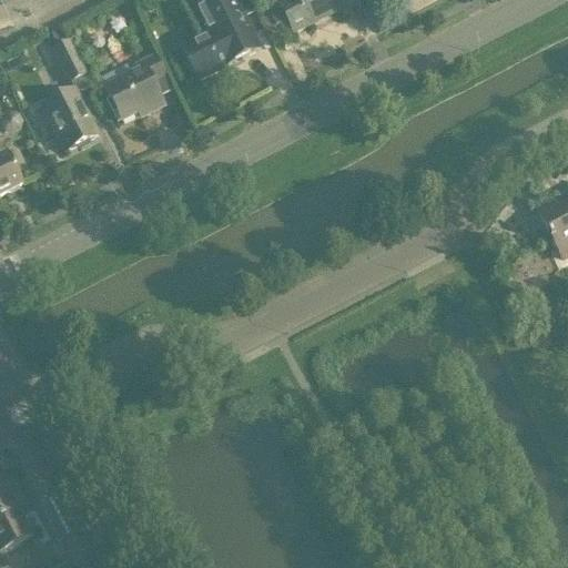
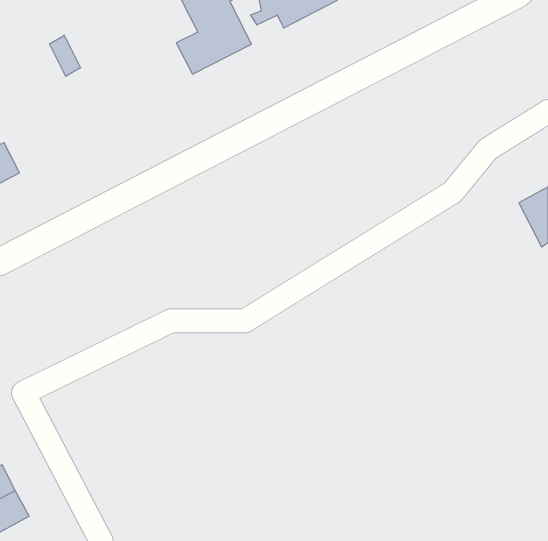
building: [103,50,169,116] -> none
building: [40,85,98,148] -> none

